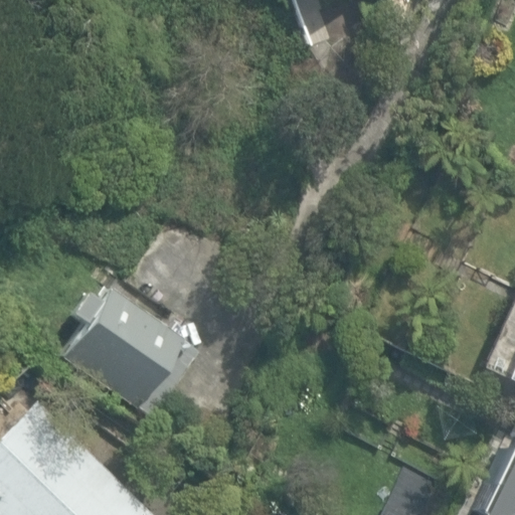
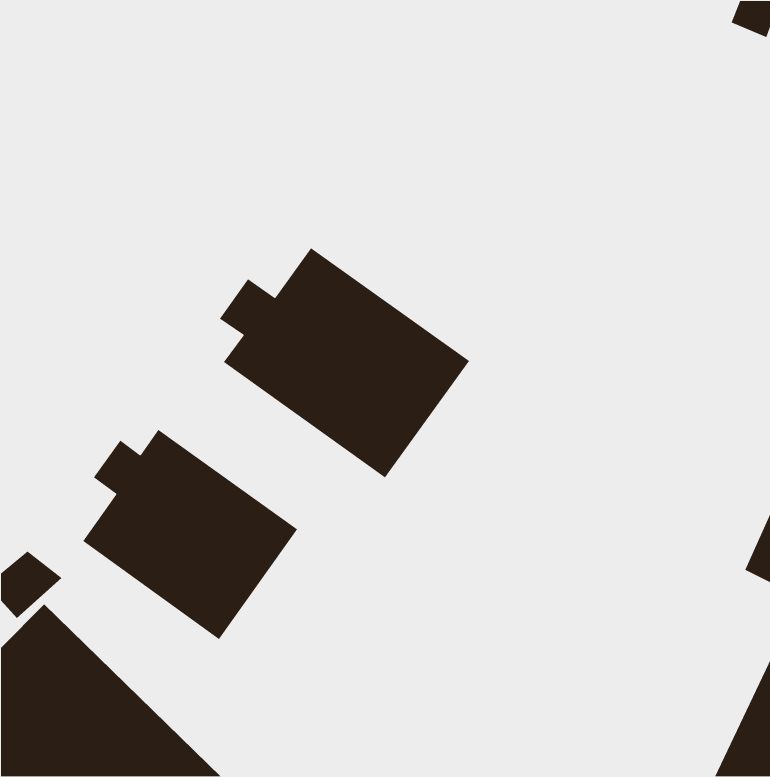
building: none -> [219,247,470,478]

